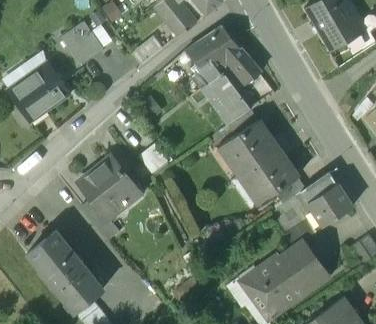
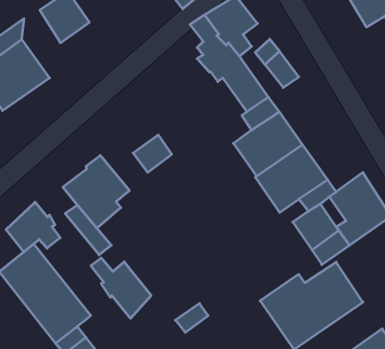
building: none -> [6,202,60,252]
building: none -> [91,258,151,318]

